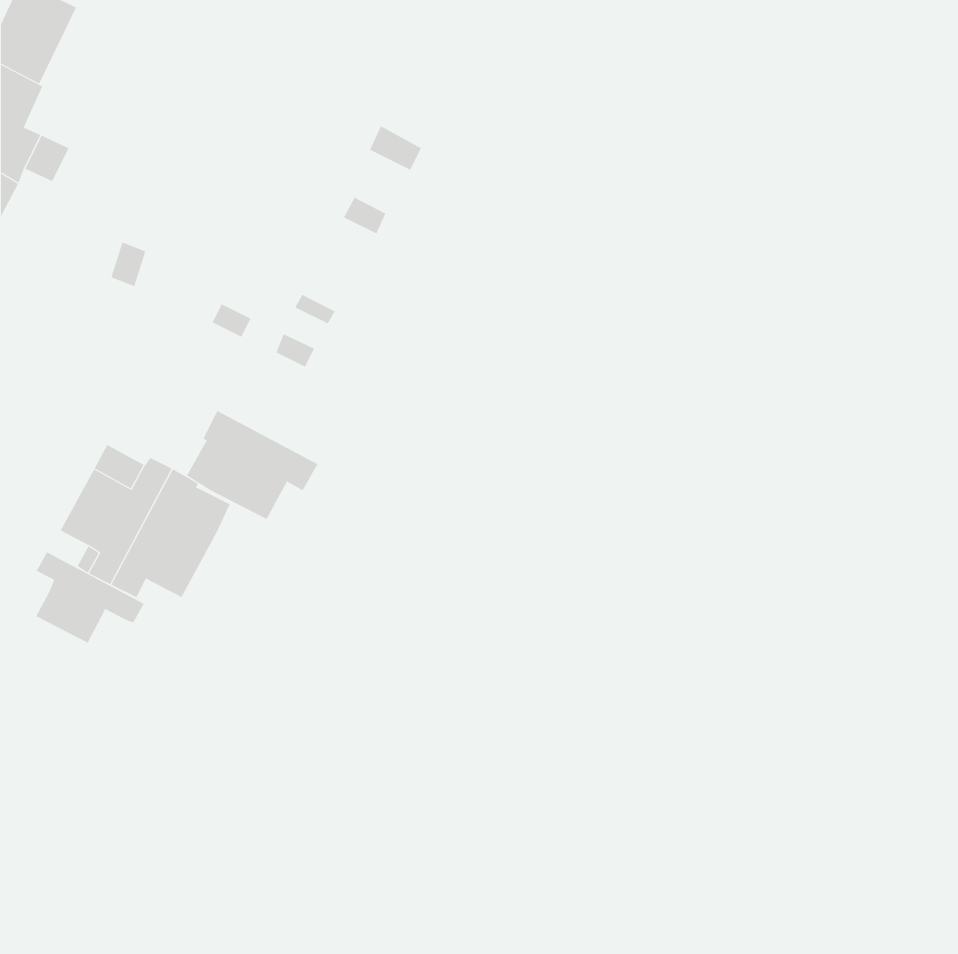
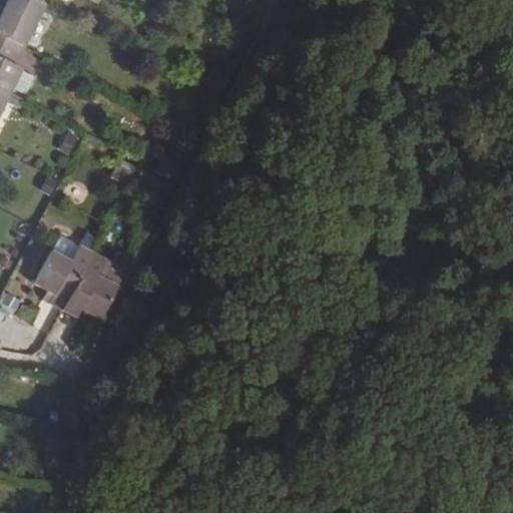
building: [186,410,318,520] -> none
building: [35,552,144,644] -> none

